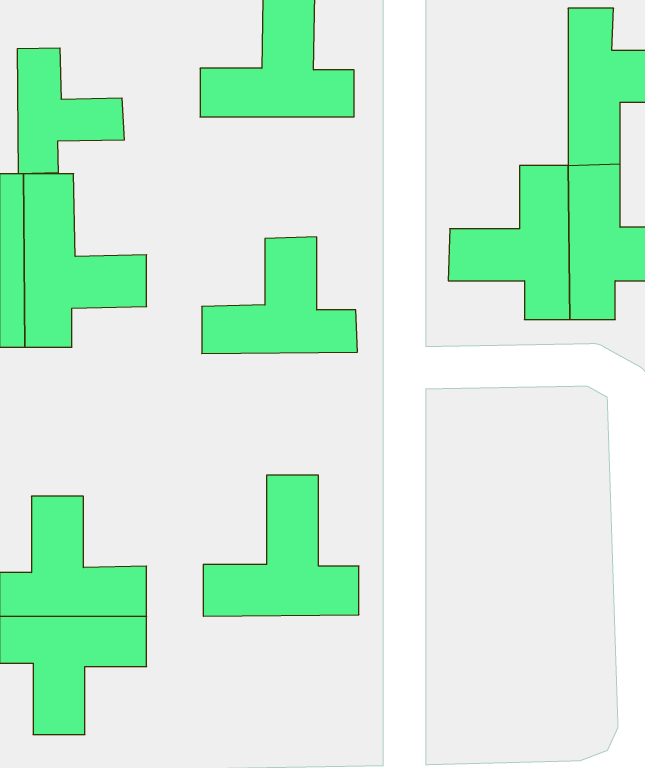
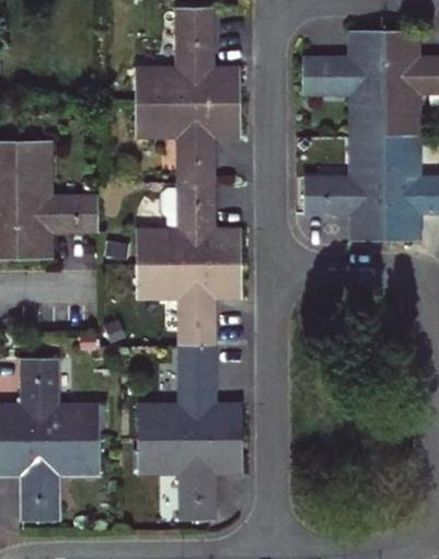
building: none -> [303,30,384,136]
building: [17,48,124,174] -> none
building: none -> [136,103,240,185]
building: none -> [137,261,242,345]
building: none -> [138,439,243,520]

